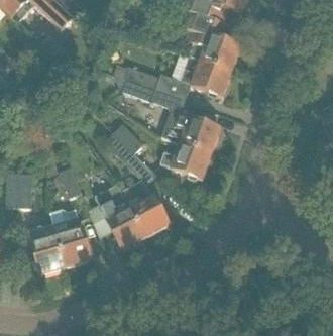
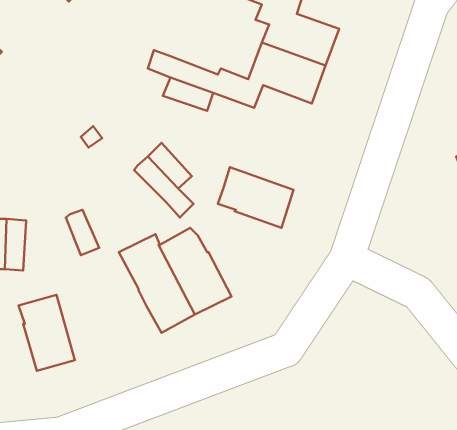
building: [161,112,219,154] -> none
building: [49,209,90,267] -> none

